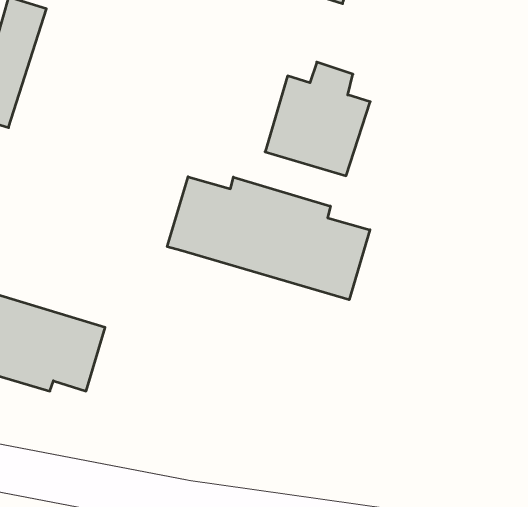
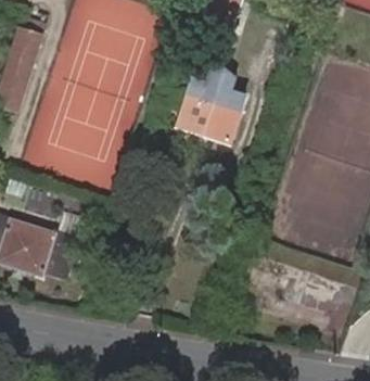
building: [167,177,370,300] -> none

